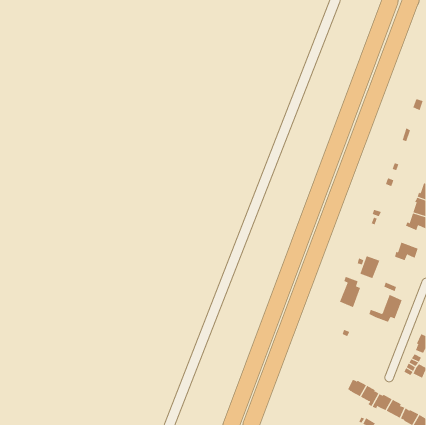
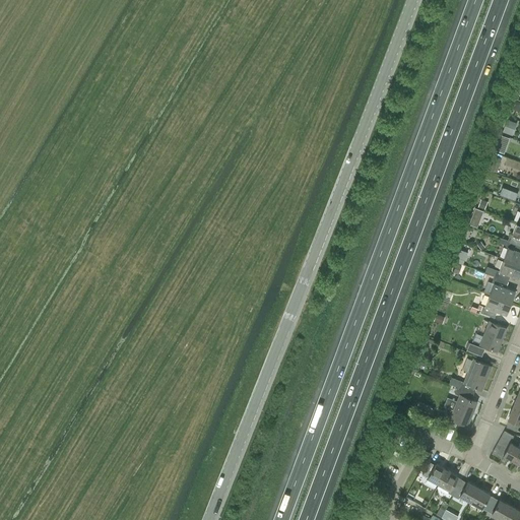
building: none -> [489,276,515,304]
building: [359,255,380,279] -> [480,323,506,351]
building: [339,276,361,308] -> [450,388,476,427]

